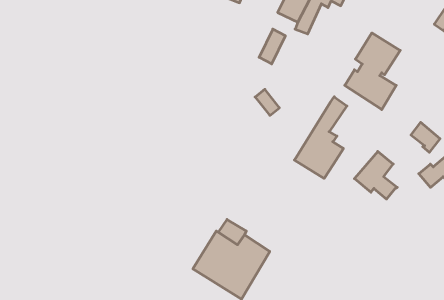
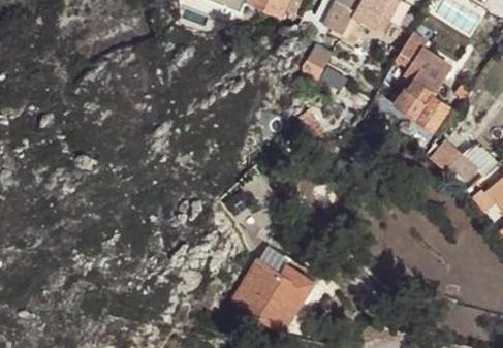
building: [294,97,347,178] -> none
building: [354,151,397,199] -> [433,130,478,181]

